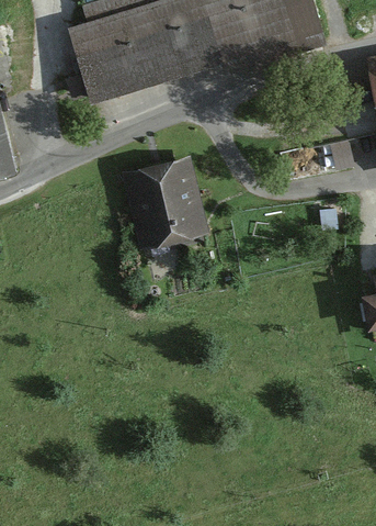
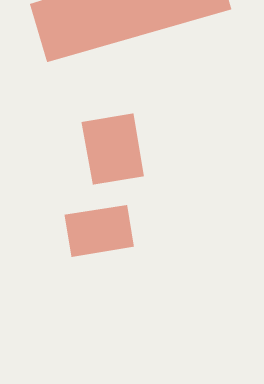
building: none -> [64,204,135,258]

